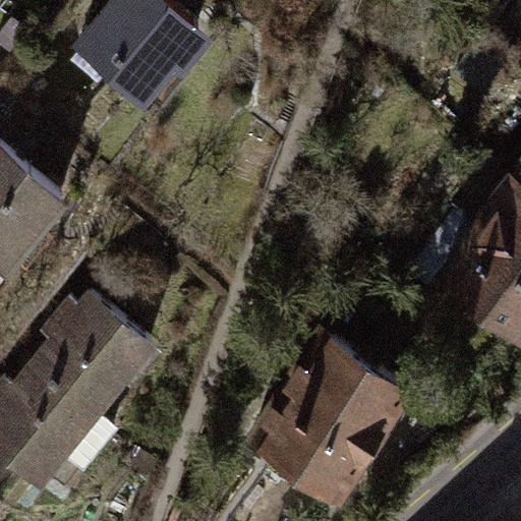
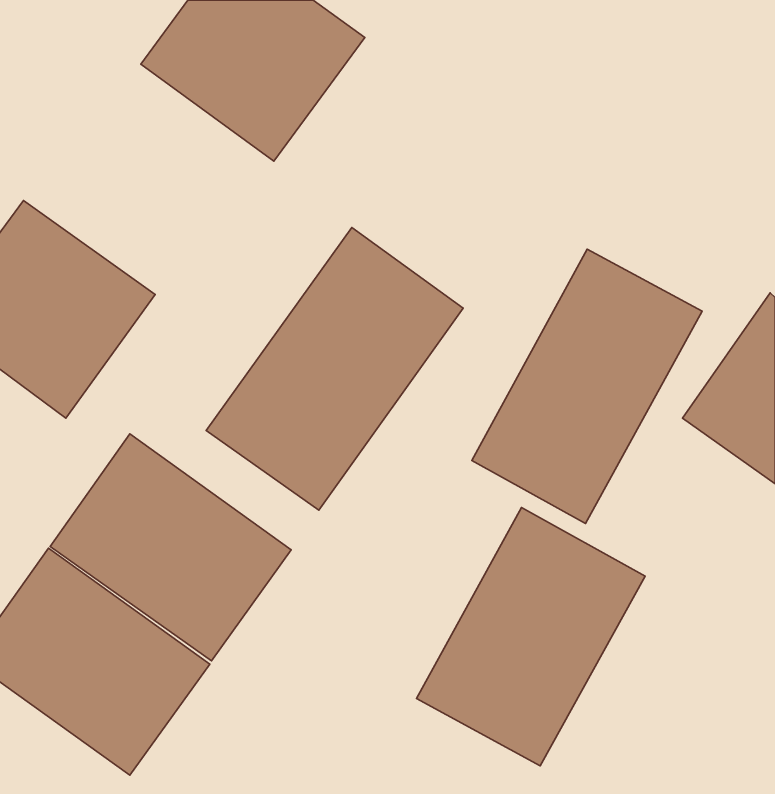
building: none -> [206,227,463,510]
building: none -> [472,249,702,523]

